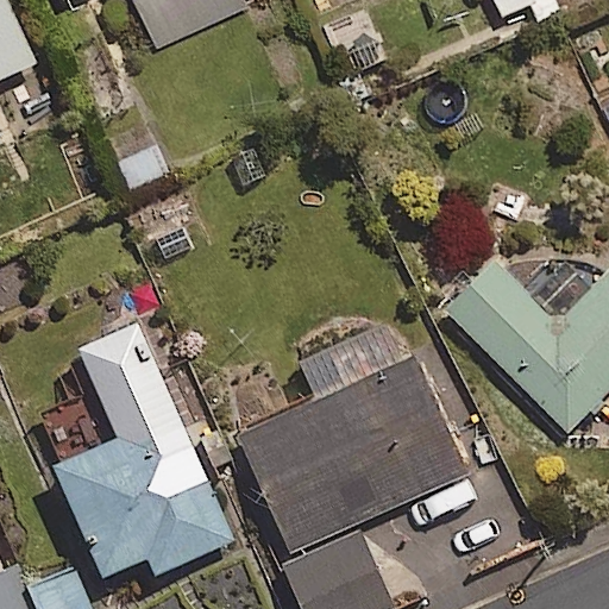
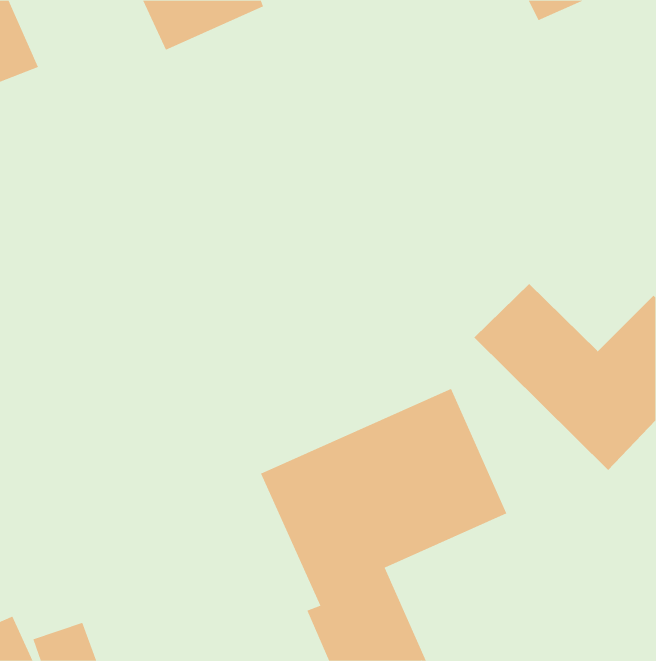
building: [58,320,234,573] -> none

